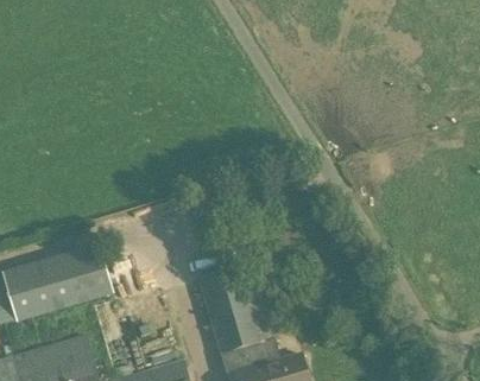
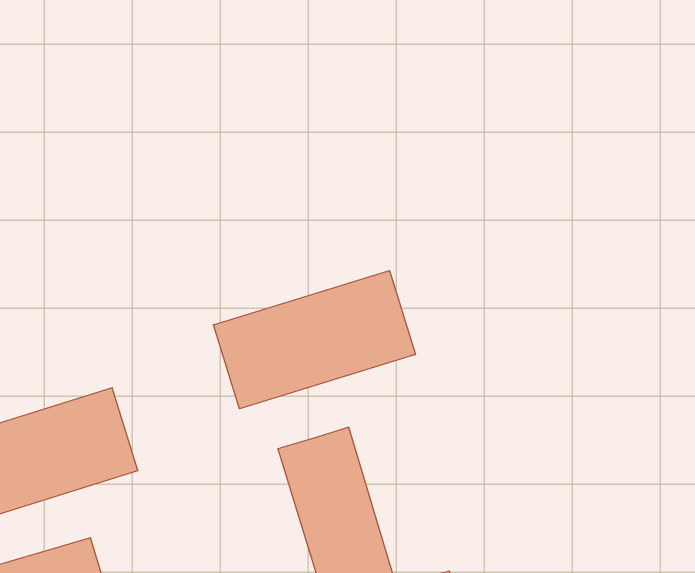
building: none -> [213,271,416,409]

